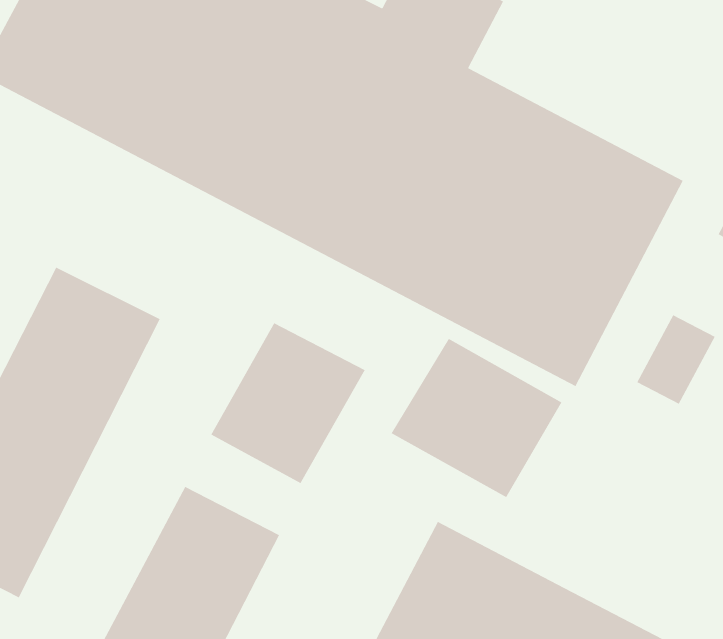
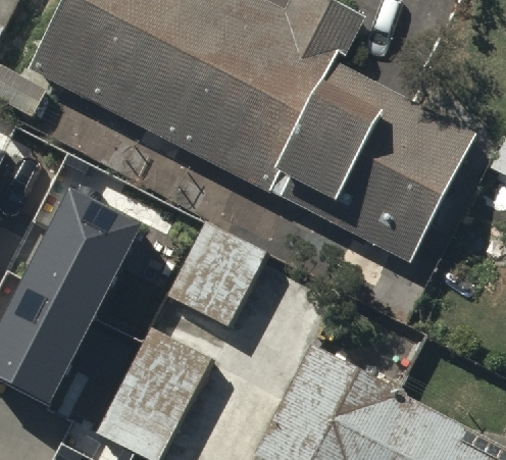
building: [390,338,563,498] -> none

